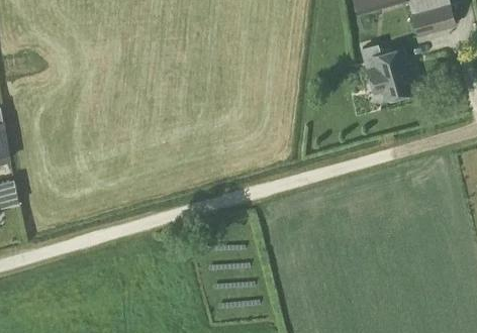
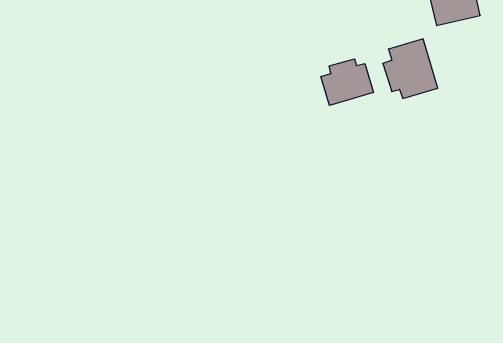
building: none -> [321,59,373,105]

